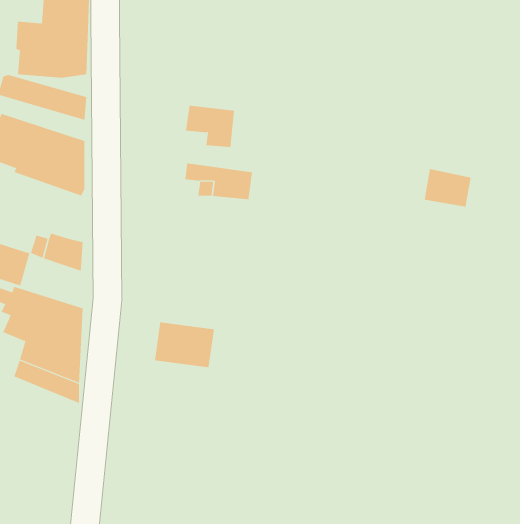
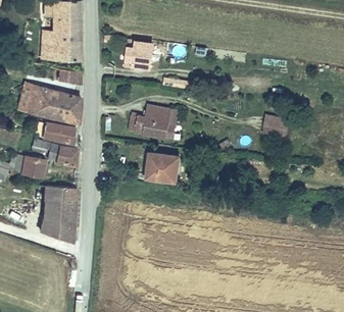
building: [185,105,235,147] -> [126,38,153,61]
building: none -> [40,123,75,149]
building: [154,322,215,368] -> [147,151,181,176]

